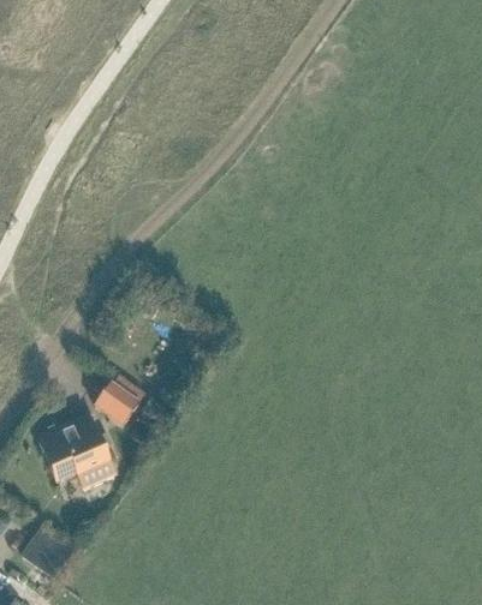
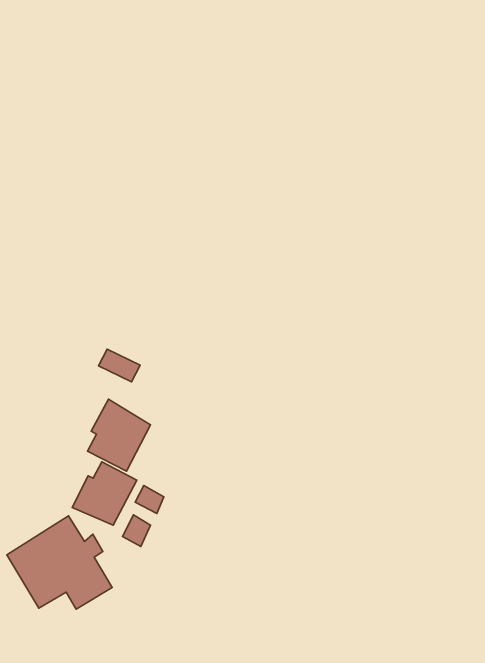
building: none -> [87,399,151,471]

